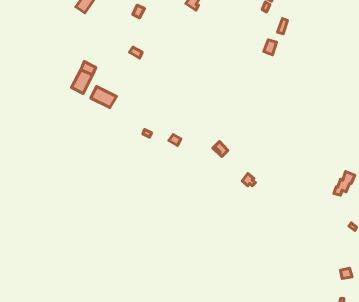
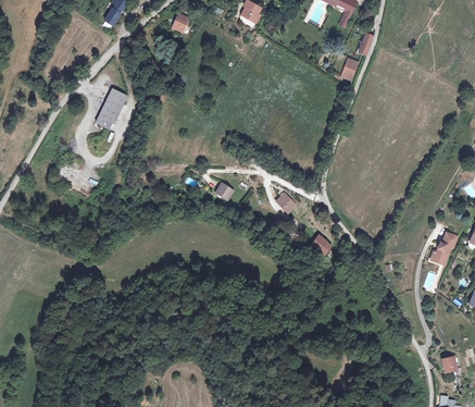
building: [91,87,116,107] -> none

